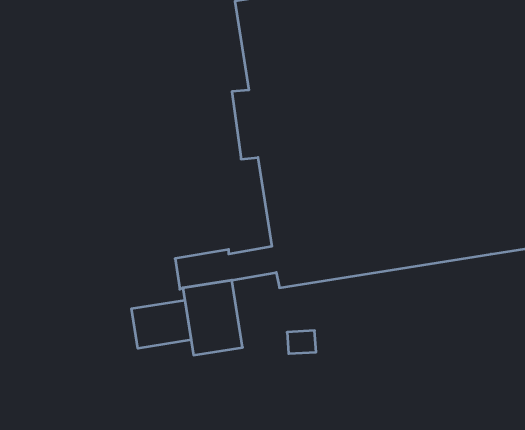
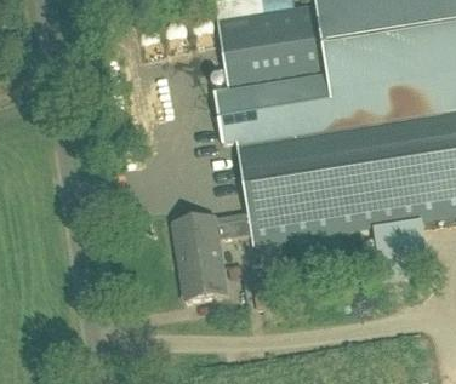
building: [132,300,191,348] -> none

